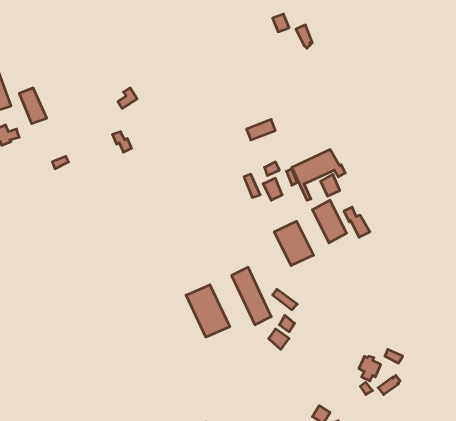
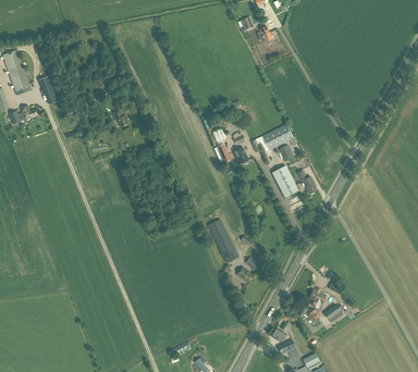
building: [274,221,314,266] -> none
building: [186,285,230,337] -> none

